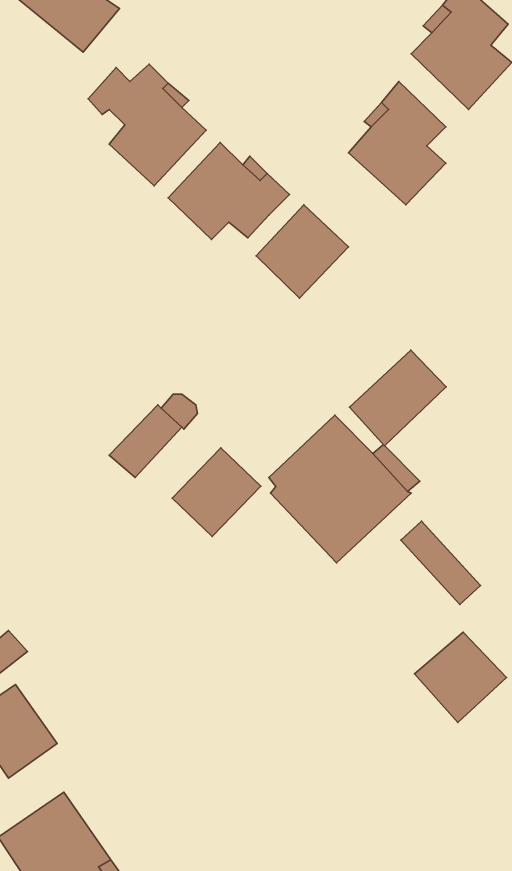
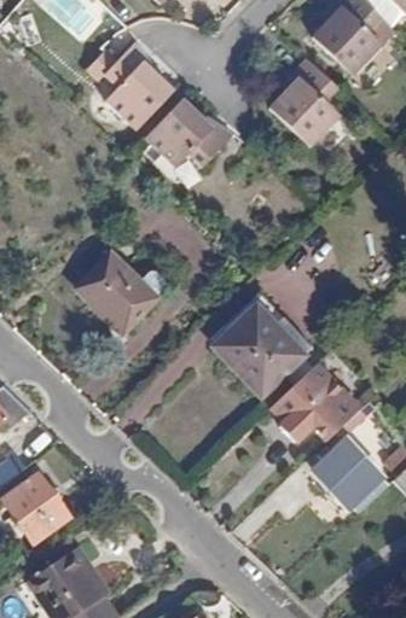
building: [256,205,349,298] -> none
building: [350,350,446,446] -> none
building: [172,448,261,536] -> [75,256,137,317]
building: none -> [273,377,347,442]

